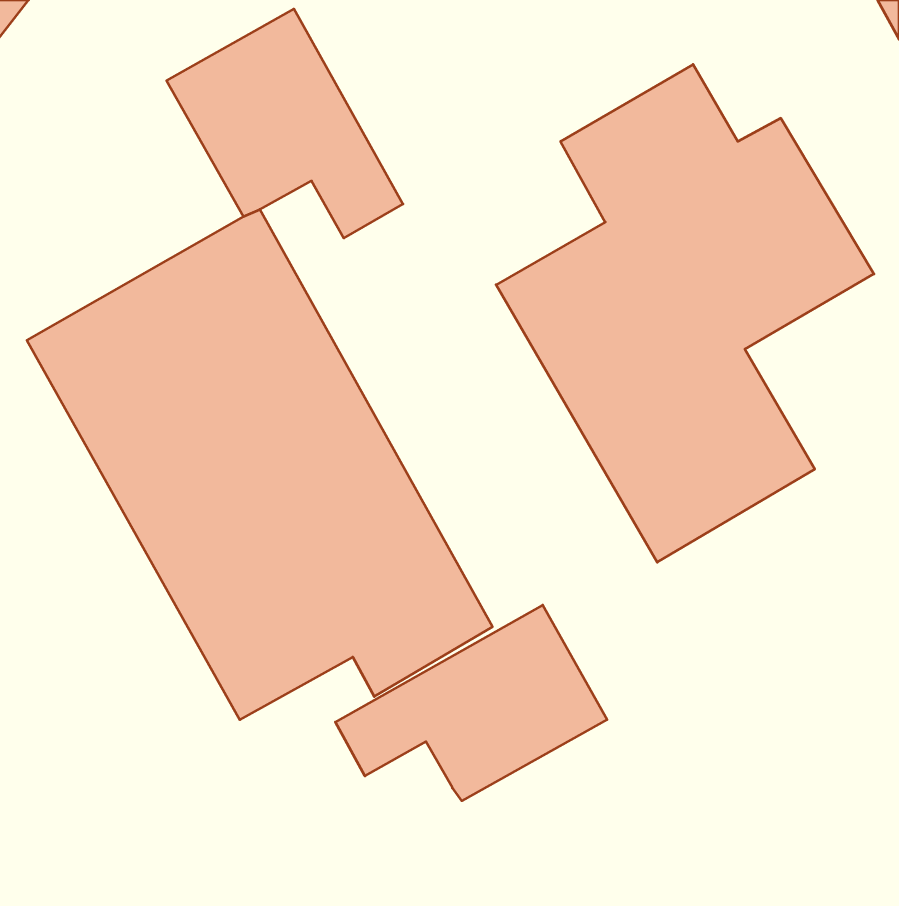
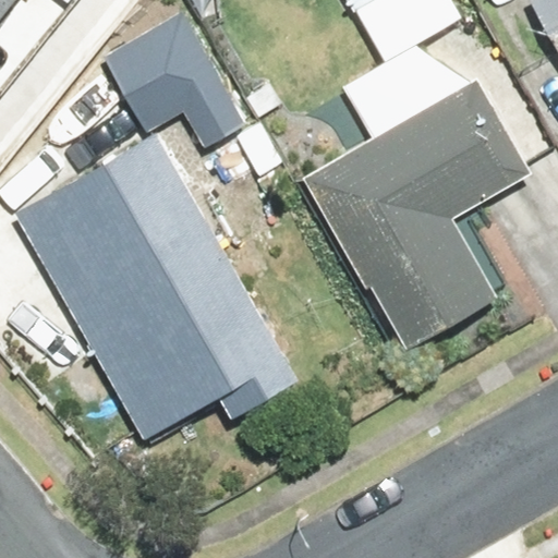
building: [335,605,607,801] -> none

